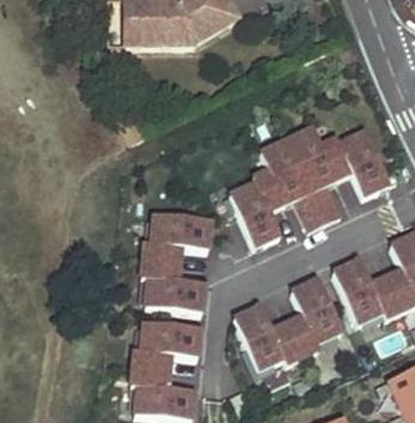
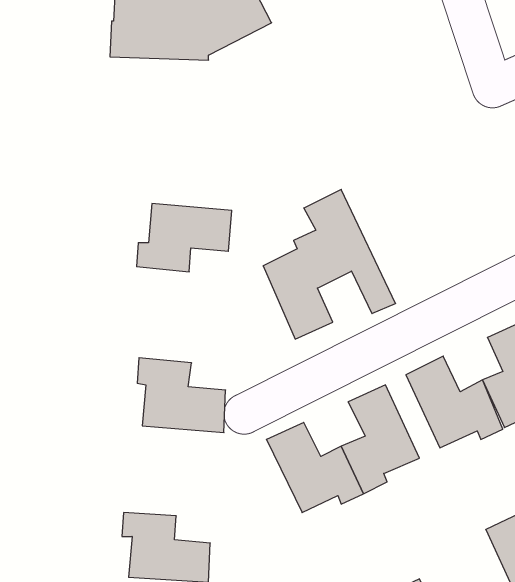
building: [286,128,388,221] -> none
building: [142,215,210,263] -> [137,204,232,272]
building: [131,322,200,371] -> none

